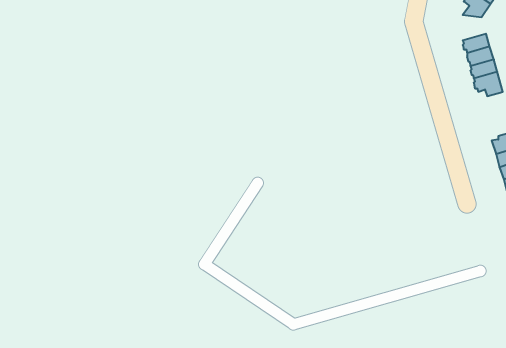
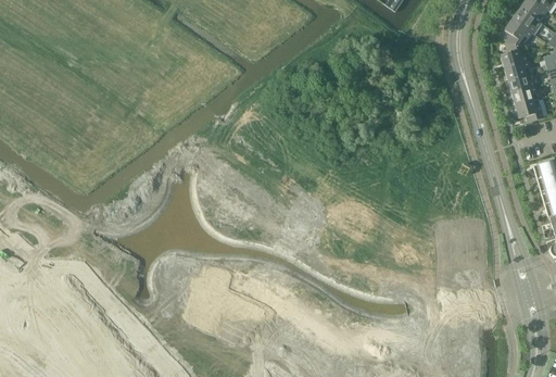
building: none -> [502,43,528,68]

